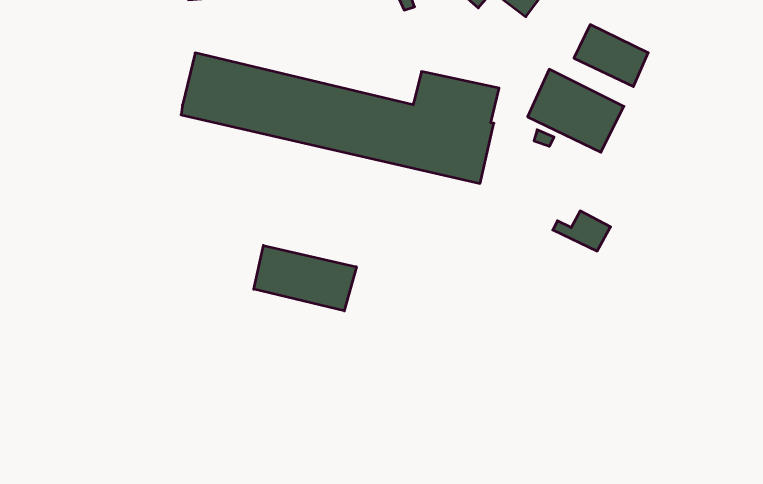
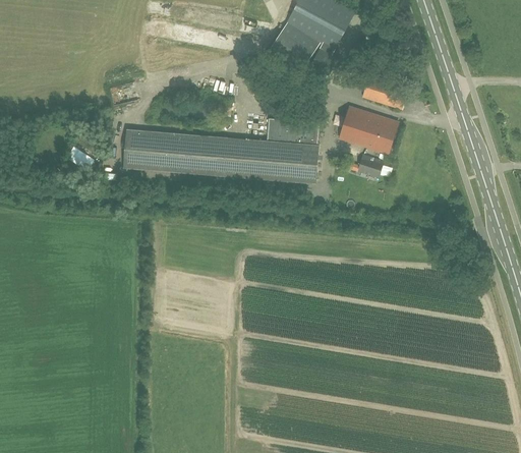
building: [553,211,611,251] -> [348,153,384,176]
building: [254,245,356,311] -> none

